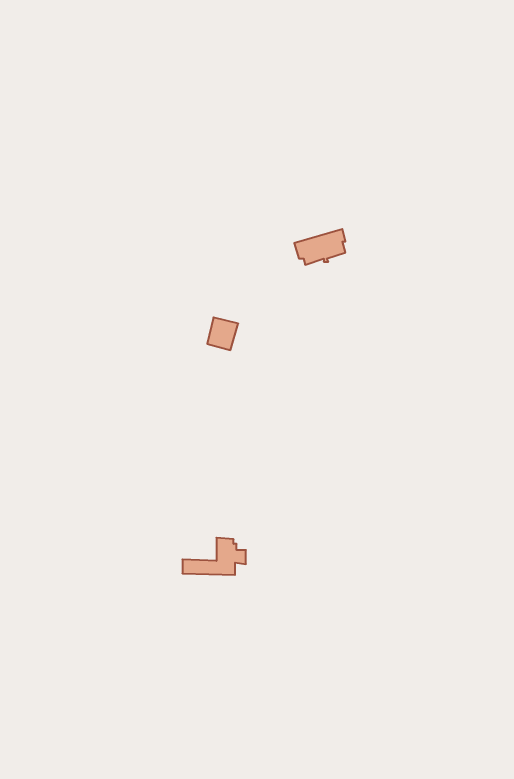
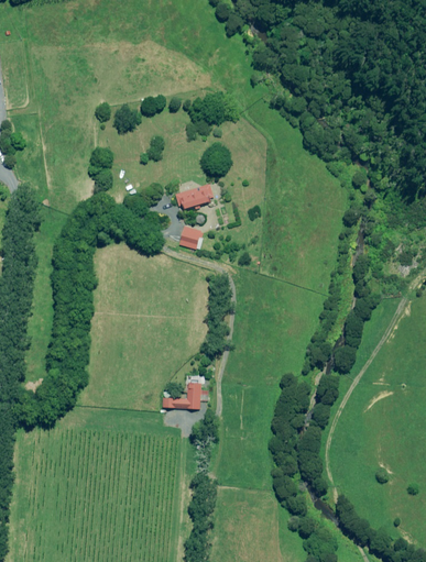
building: [294,229,345,265] -> [175,184,211,209]

